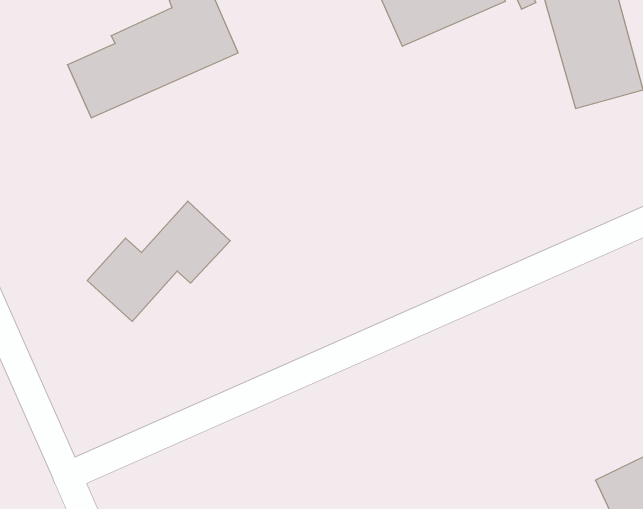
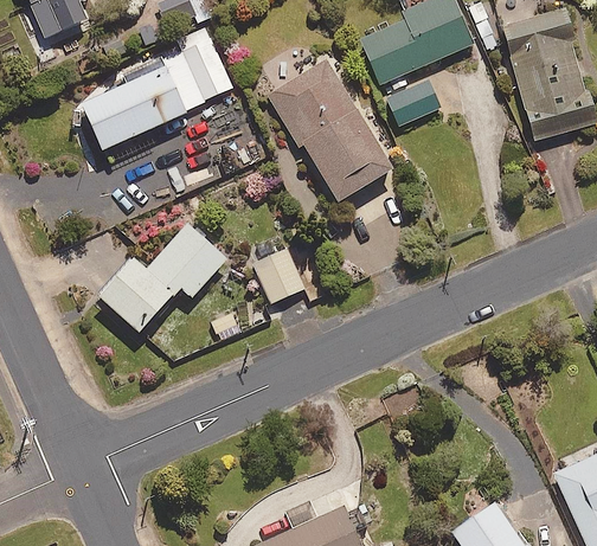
building: none -> [268,59,392,200]
building: none -> [387,81,439,127]
building: none -> [255,248,308,303]

